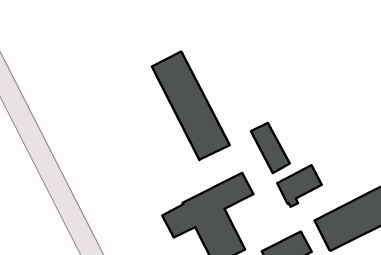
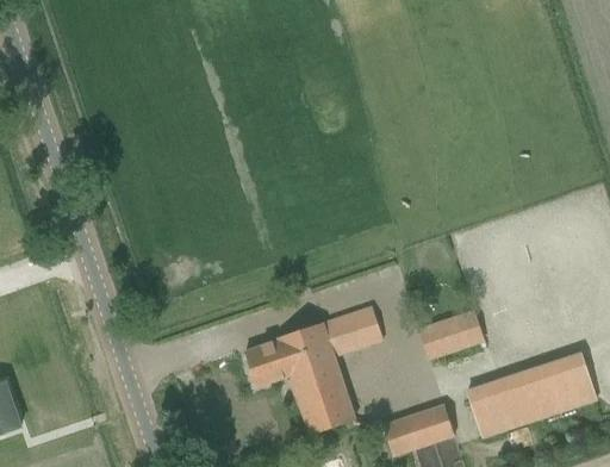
building: [152,52,230,160] -> none
building: [251,123,290,173] -> none

